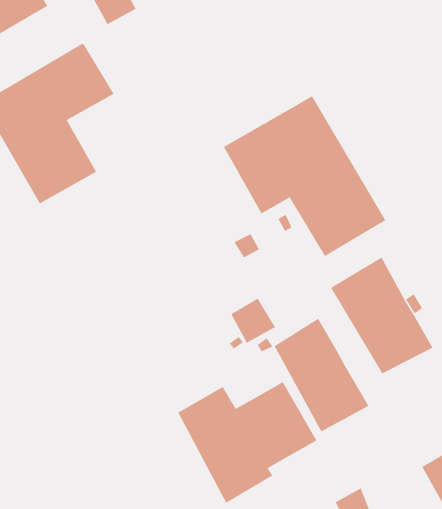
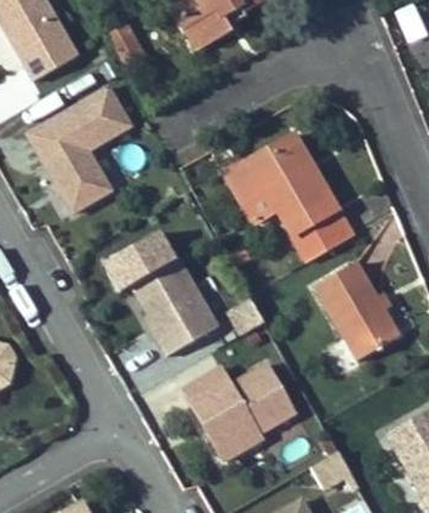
building: none -> [102,227,222,355]
building: [274,318,369,432] -> none

